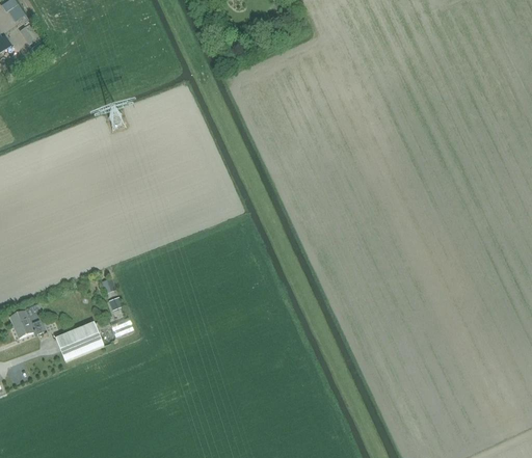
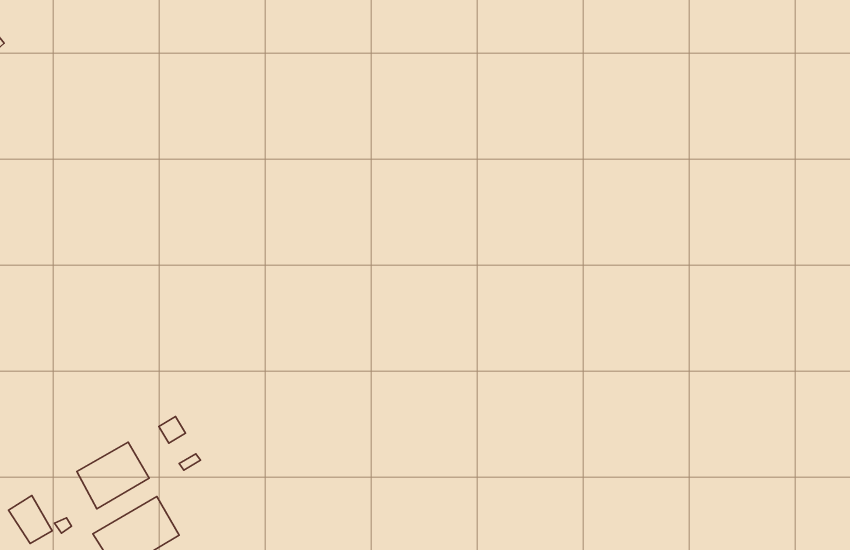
building: none -> [77,442,149,509]

